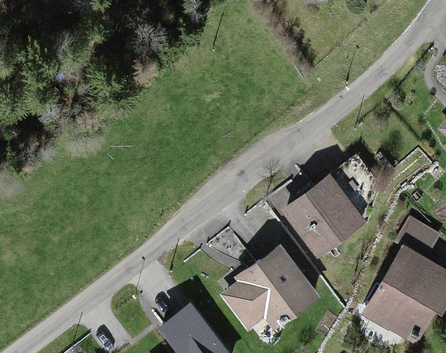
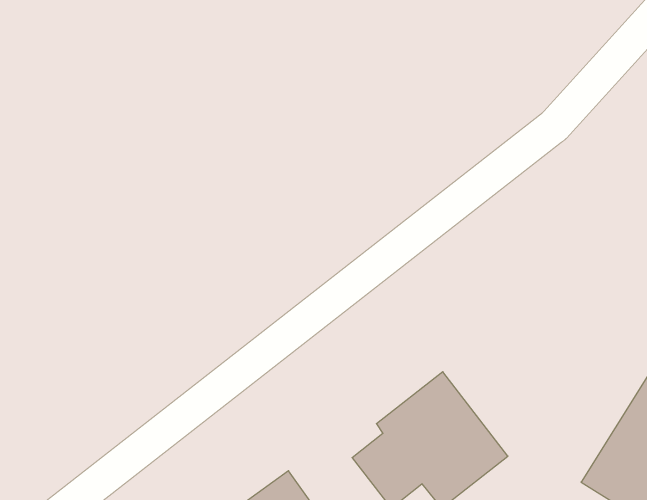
building: [283,175,362,256] -> none

